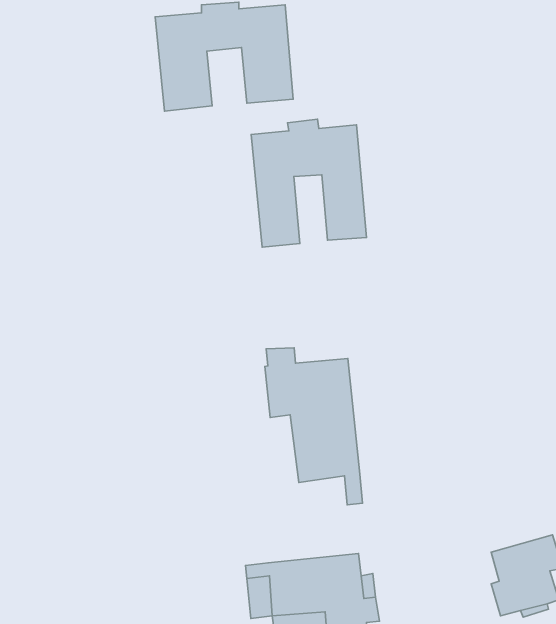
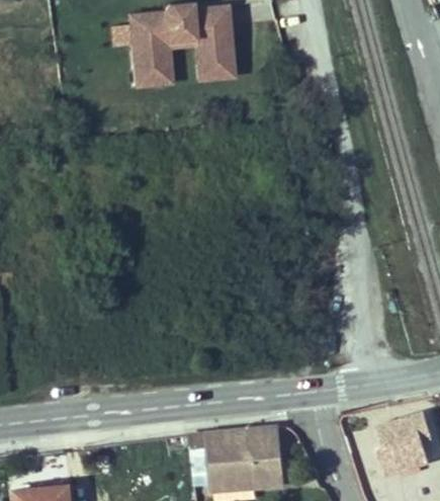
building: [251,119,366,247] -> none
building: [265,348,362,505] -> none

